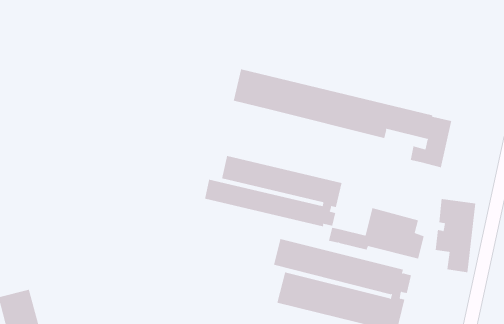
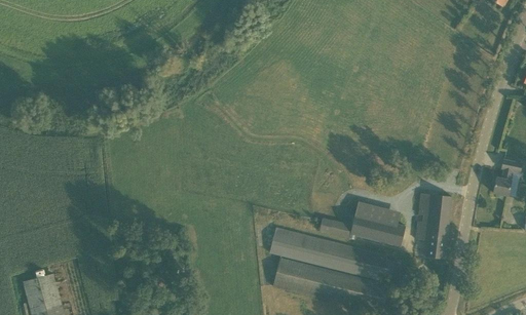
building: [233,68,452,168] -> none
building: [204,155,342,227] -> none

